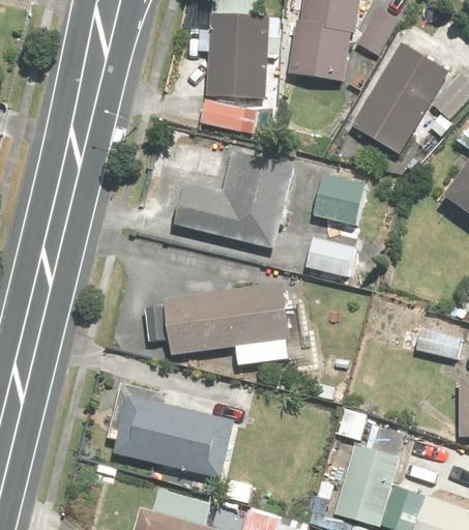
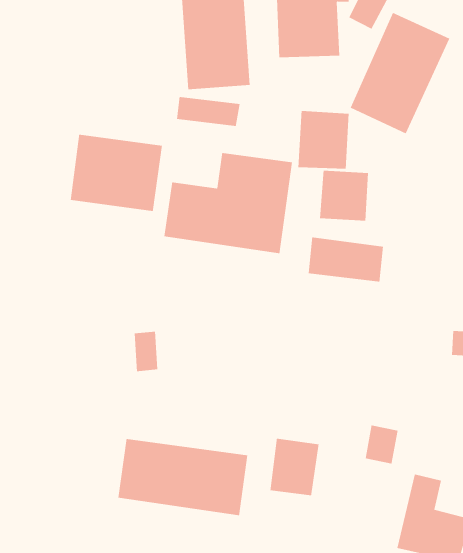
building: none -> [298,110,349,169]
building: none -> [70,134,163,212]
building: [168,289,290,352] -> none
building: none -> [270,438,319,496]

